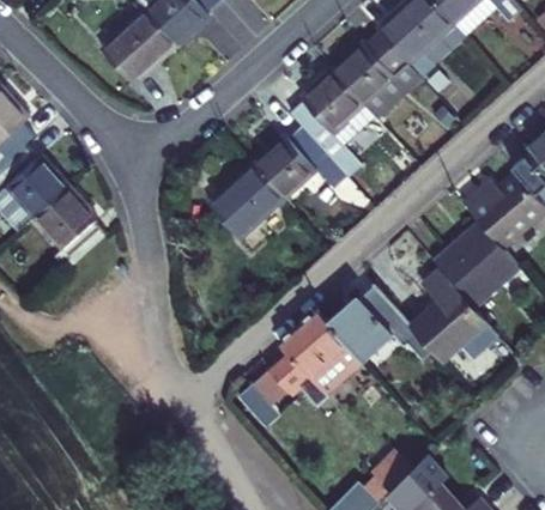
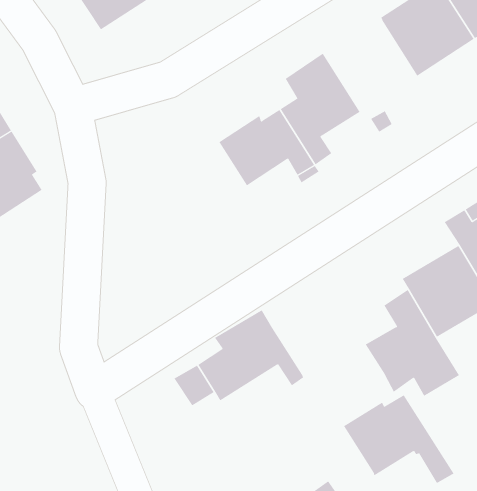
building: [332,36,420,121] -> none
building: [208,166,284,242] -> none
building: [328,285,434,362] -> [343,394,454,484]

